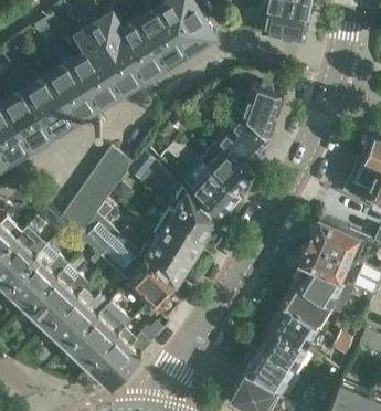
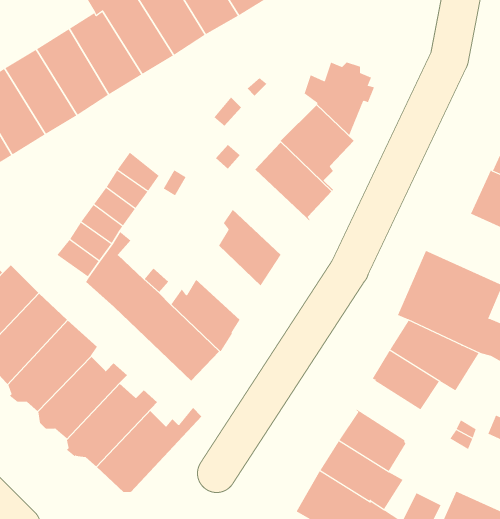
building: [184,160,237,217] -> none
building: [154,210,202,265] -> none
building: [268,307,316,349] -> none

